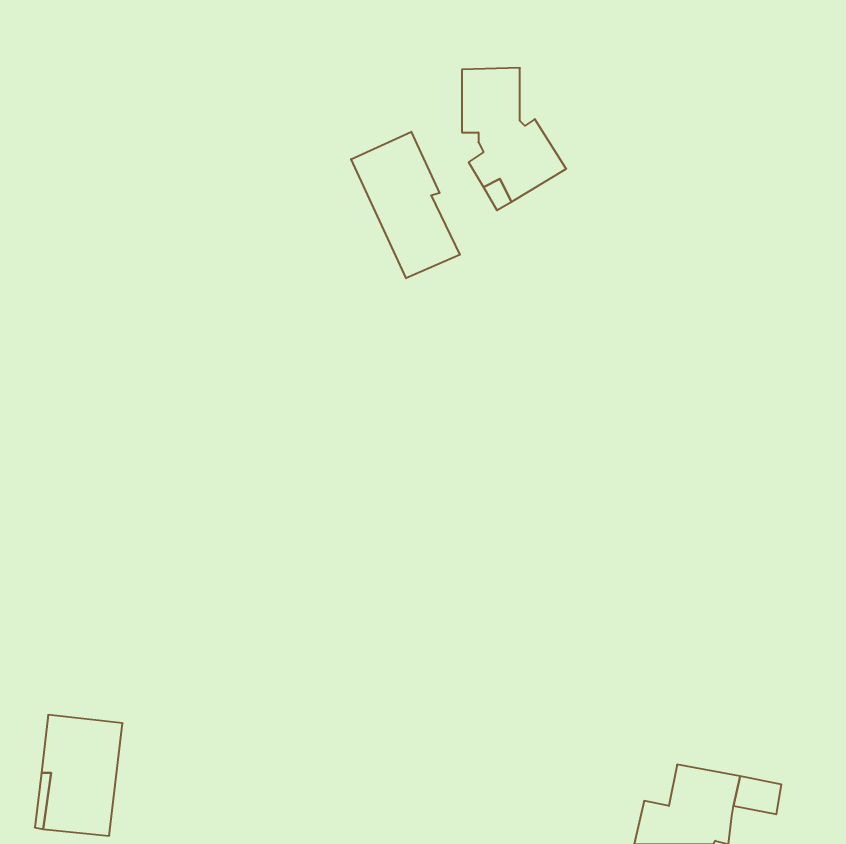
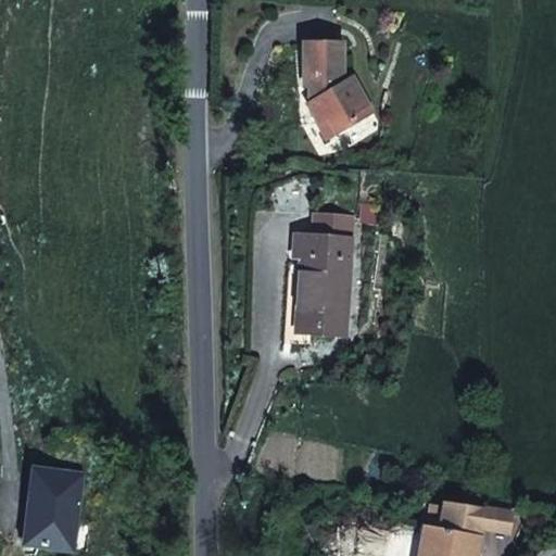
building: [351,132,460,278] -> none
building: none -> [293,215,354,334]

